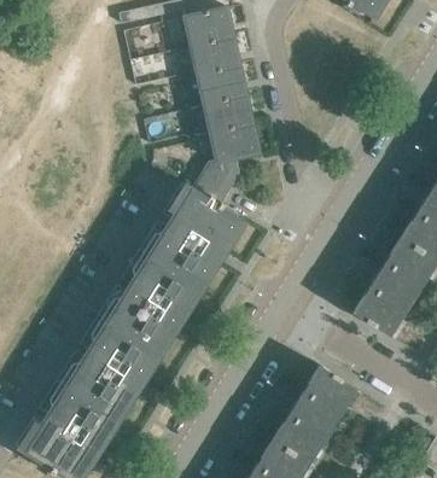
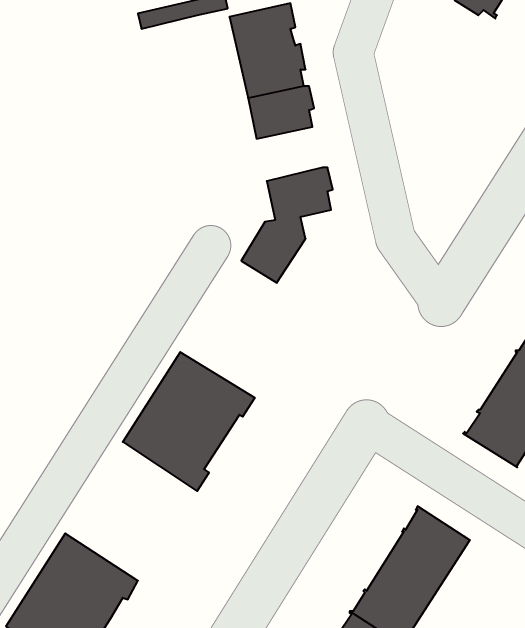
building: [203,93,251,133] -> none
building: [148,188,243,287] -> none
building: [66,319,161,418] -> none

